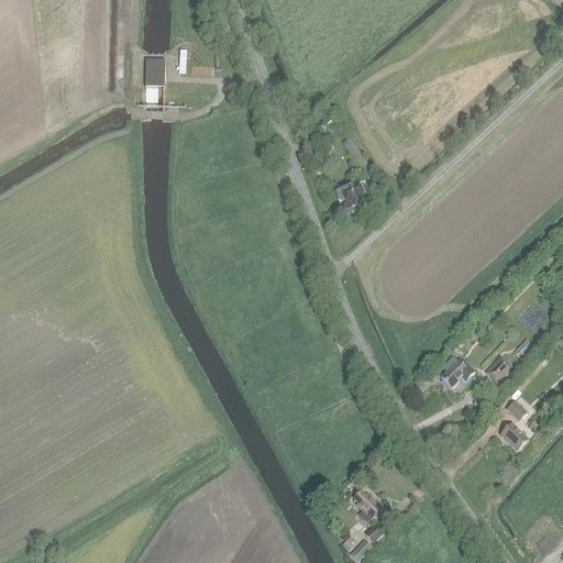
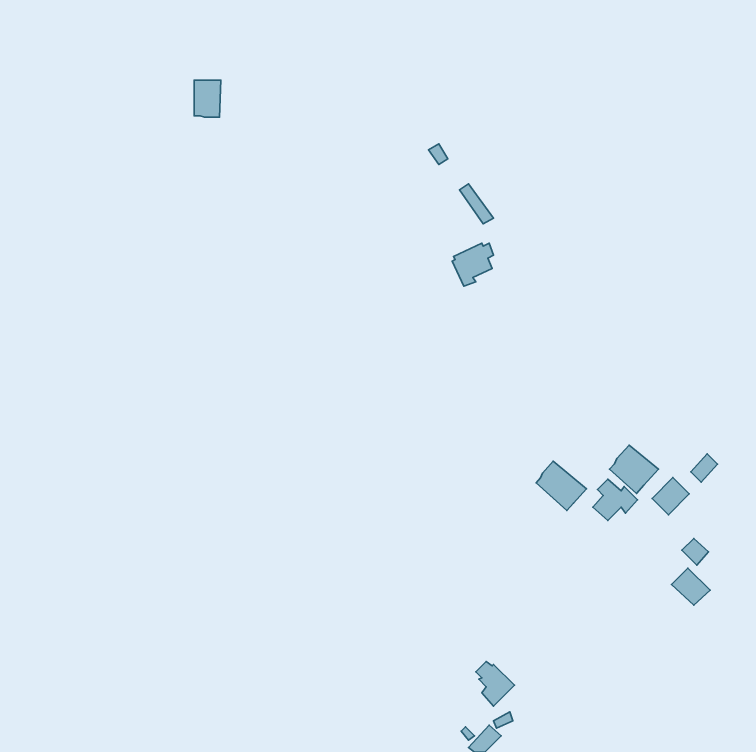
building: none -> [610,445,658,493]
building: none -> [536,461,586,511]

